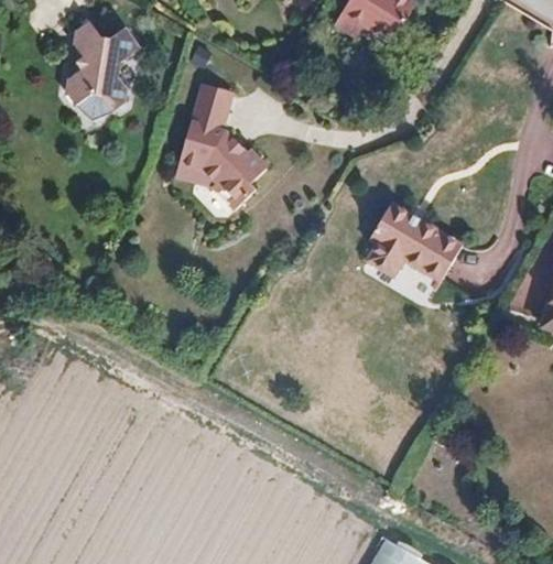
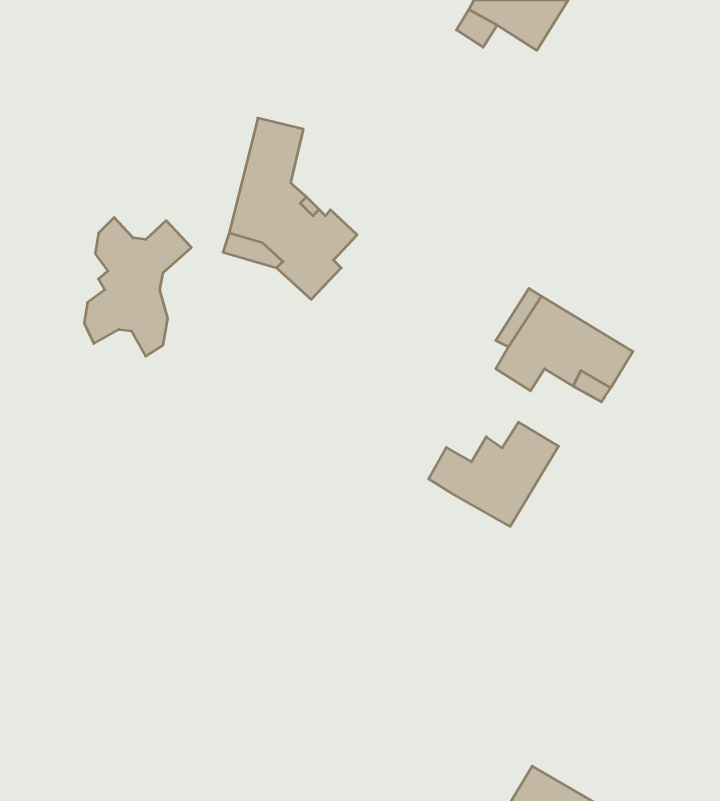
building: [65,23,140,120] -> [84,217,191,356]
building: none -> [429,422,559,526]

